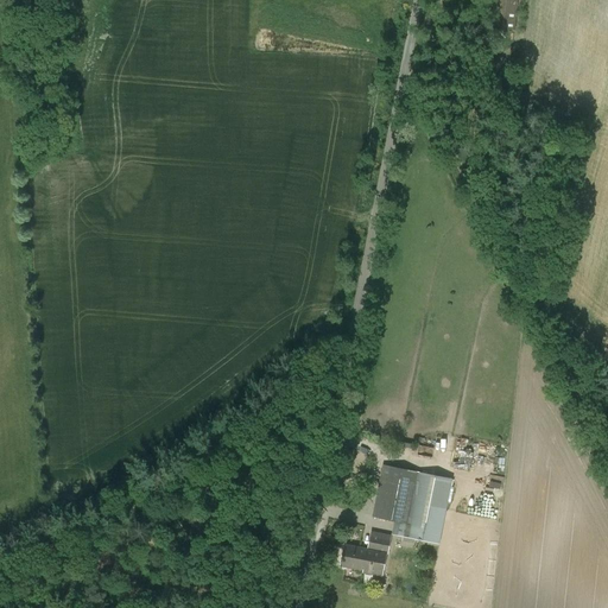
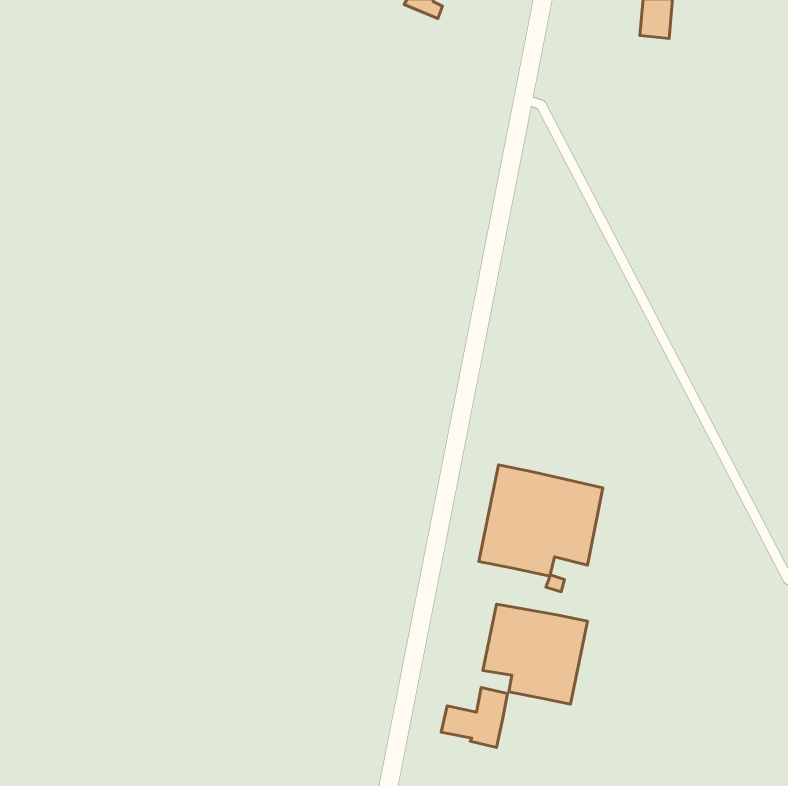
building: none -> [479,465,603,576]

